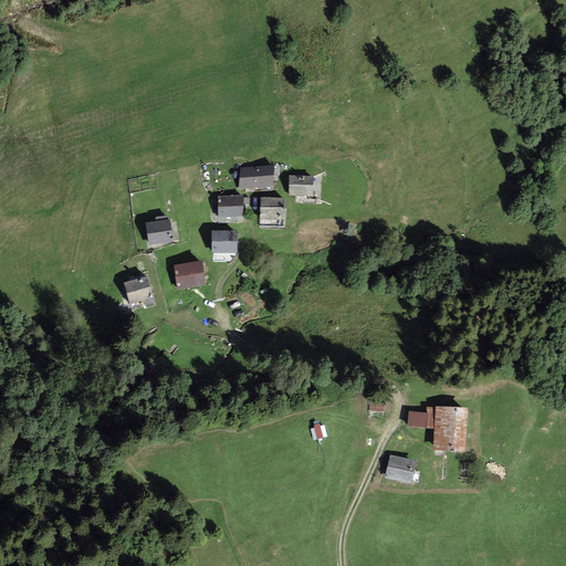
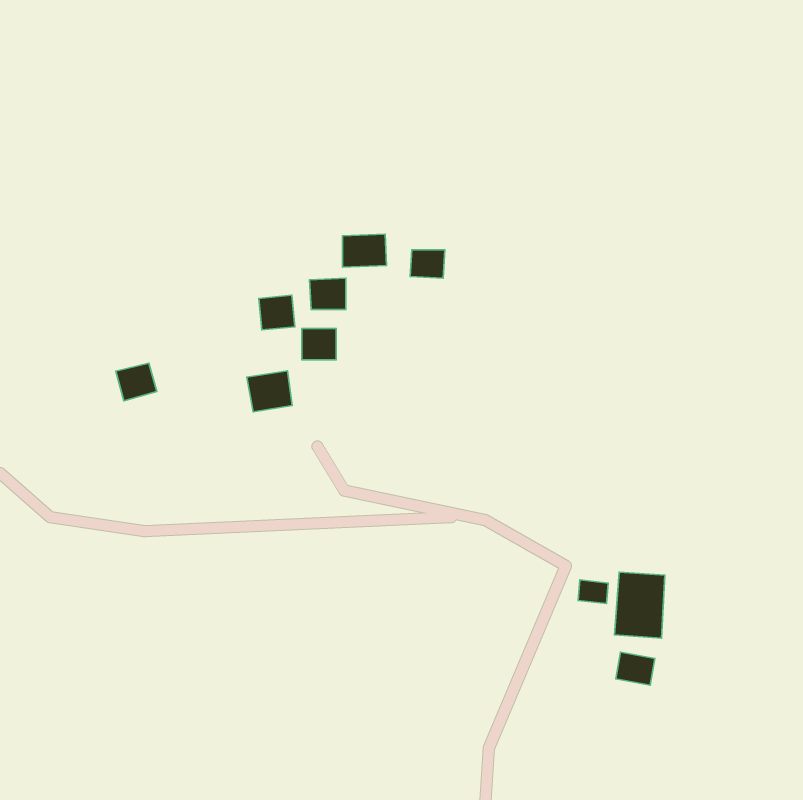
building: [260,198,282,221] -> none
building: [147,220,172,244] -> [259,295,295,330]
building: [124,276,153,303] -> [116,363,157,401]
building: [387,453,415,476] -> [616,652,655,685]

